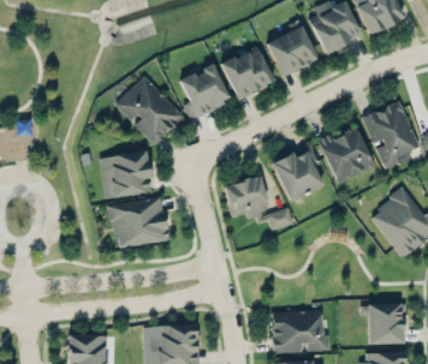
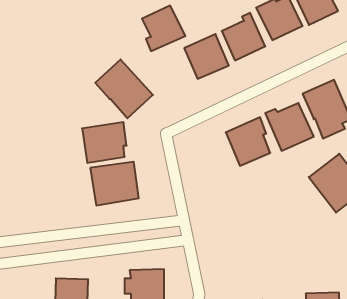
building: [179,65,231,119] -> [142,6,185,51]
building: [224,175,293,229] -> none
building: [361,304,405,344] -> none
building: [271,310,329,353] -> none

